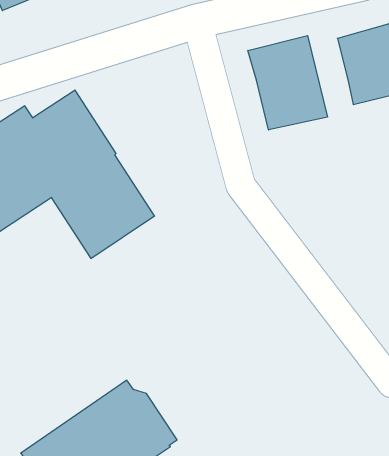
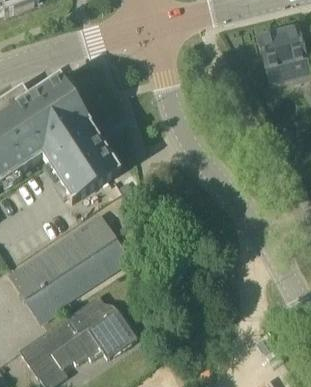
building: [248,36,327,130] -> none
building: none -> [9,213,130,321]

